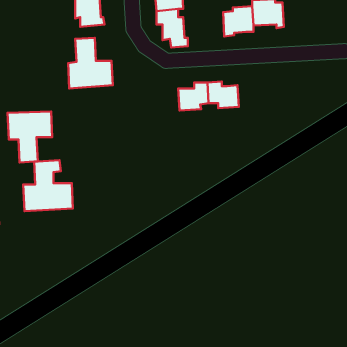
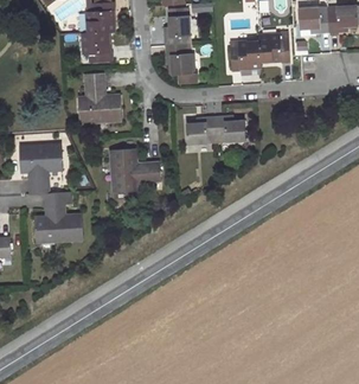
building: none -> [111,148,161,192]

